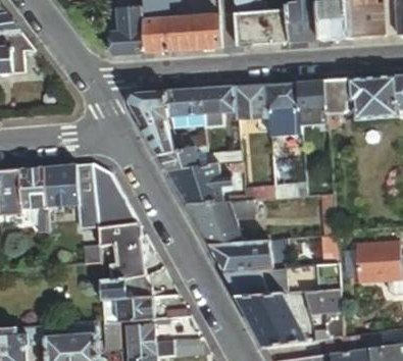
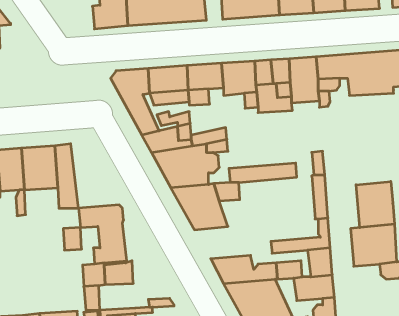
building: [91,163,137,224] -> none
building: none -> [356,181,395,228]
building: [208,240,270,272] -> none
building: [117,296,152,321] -> none

